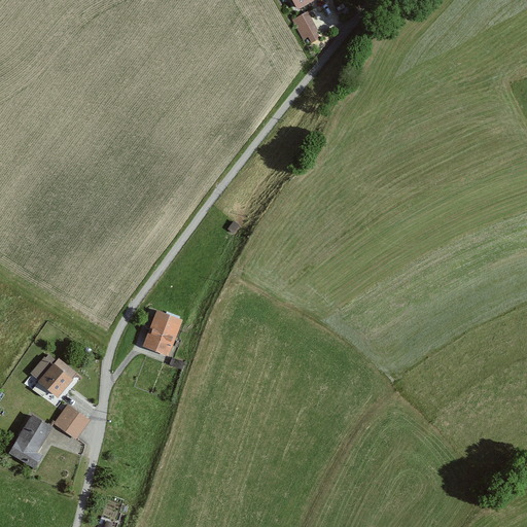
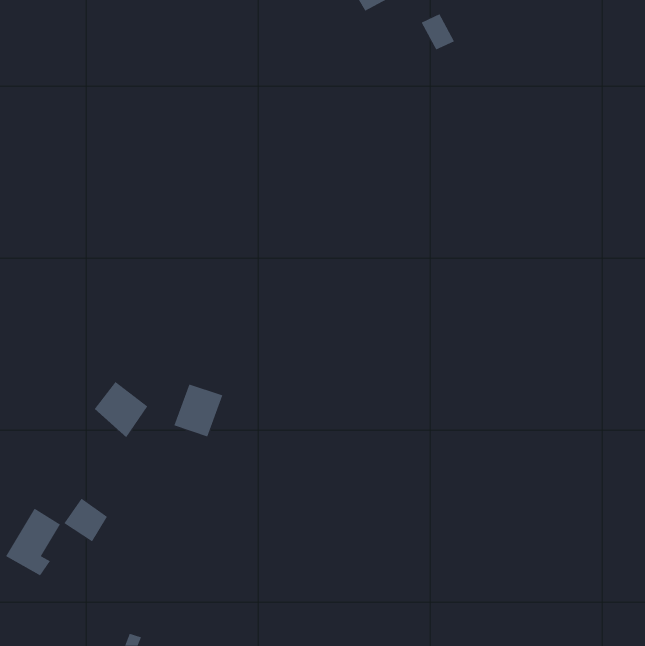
building: [293,13,321,43] -> [421,14,455,50]
building: [31,351,75,397] -> [94,381,148,438]

